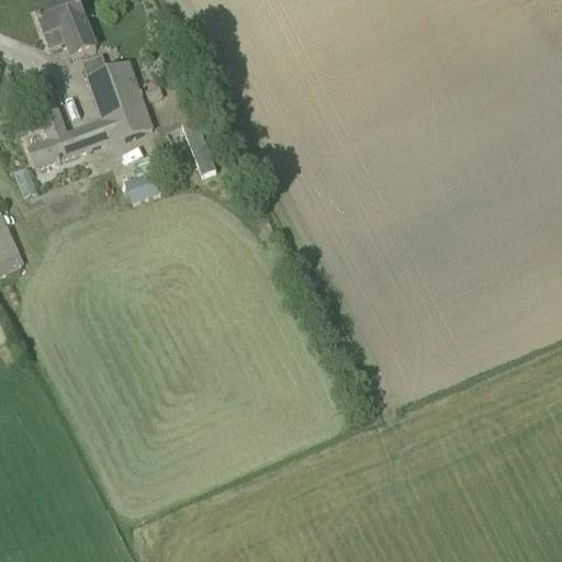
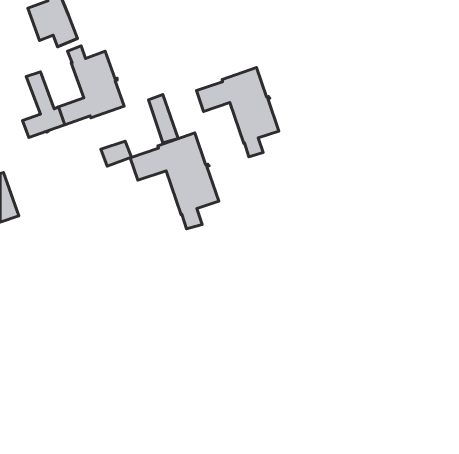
building: none -> [196,68,279,157]
building: none -> [130,133,219,229]

